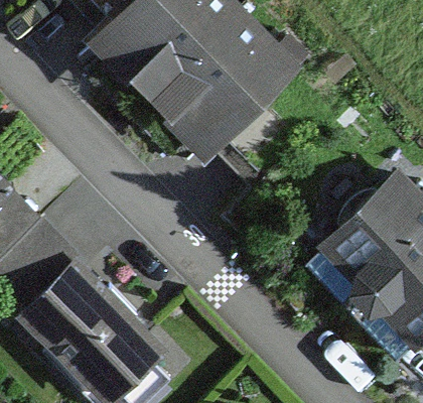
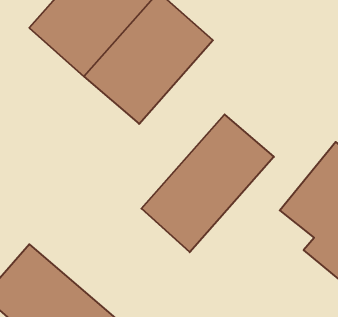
building: none -> [141,114,274,252]

